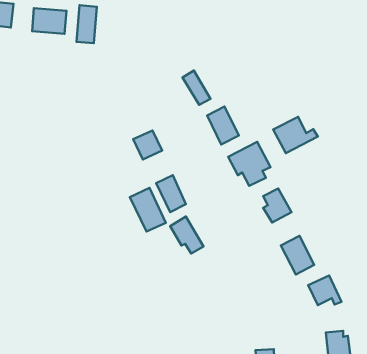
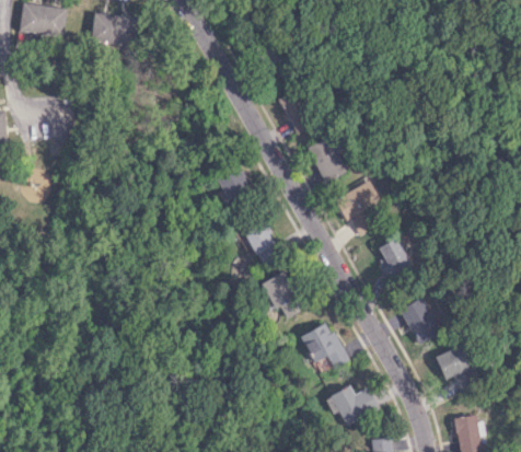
building: [77,5,97,43] -> none
building: [273,117,318,153] -> none
building: [130,188,166,232] -> none
building: none -> [300,323,350,368]
building: none -> [326,386,379,428]

